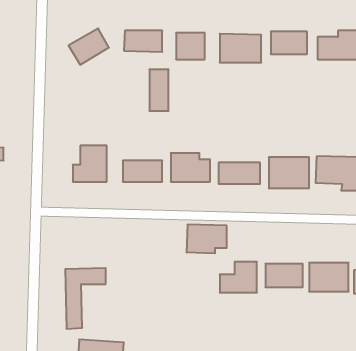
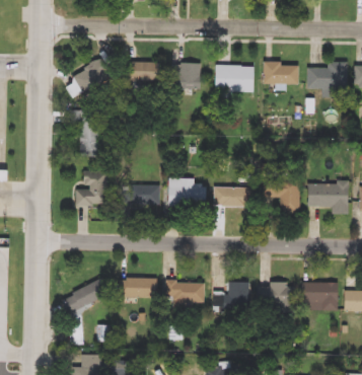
building: [149,69,169,111] -> [80,118,98,157]
building: [186,225,227,253] -> [165,282,204,309]
building: none -> [123,279,155,298]

